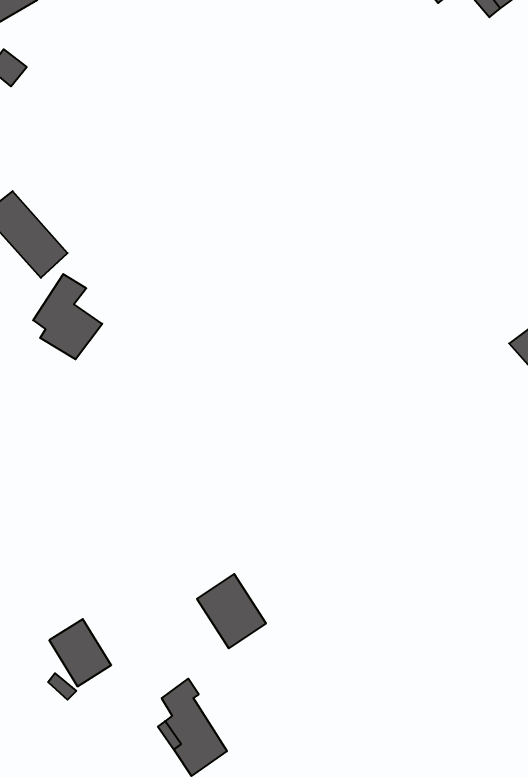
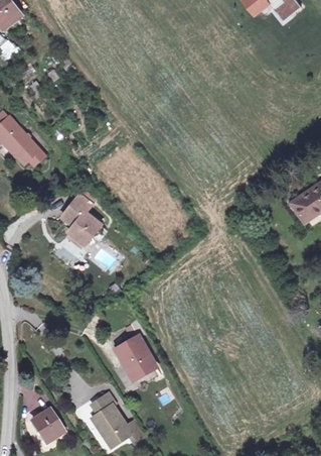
building: [33,274,102,359] -> [59,195,99,243]
building: [49,619,111,686] -> [31,408,66,446]

